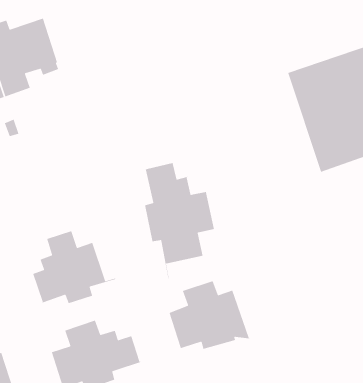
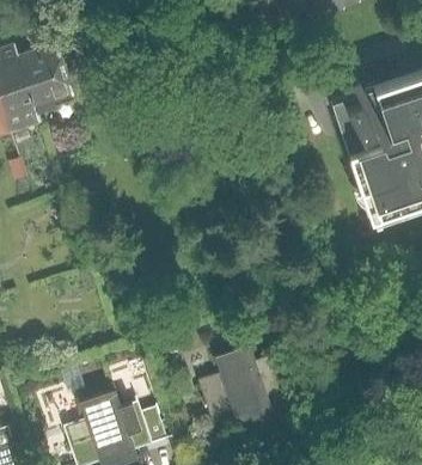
building: [144,162,215,280] -> none
building: [32,230,117,305] -> none

